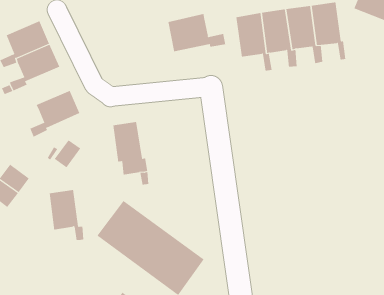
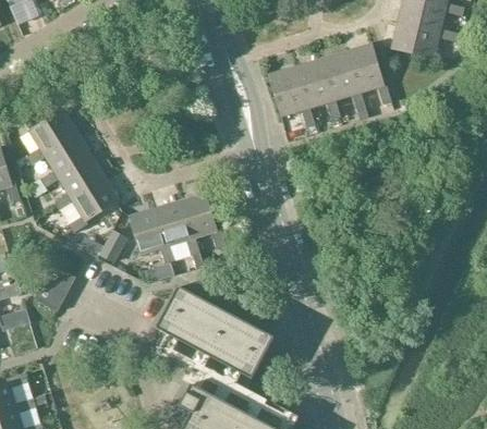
building: [168,13,226,52] -> none
building: none -> [53,155,105,210]
building: none -> [180,193,226,248]
building: [49,190,84,240] -> [129,208,173,261]

